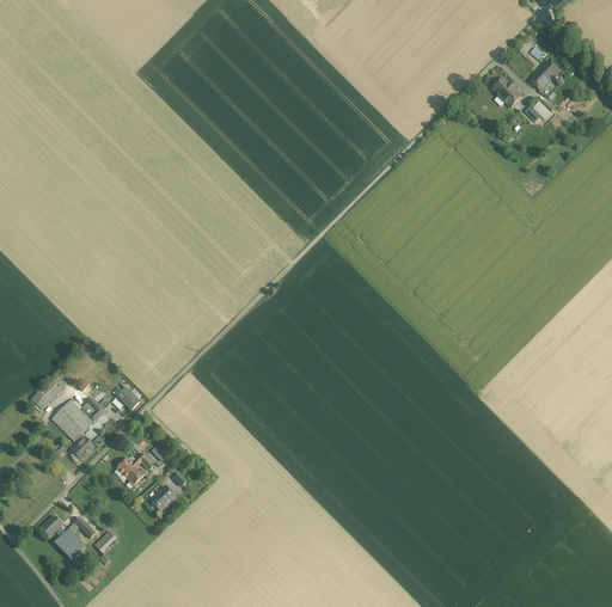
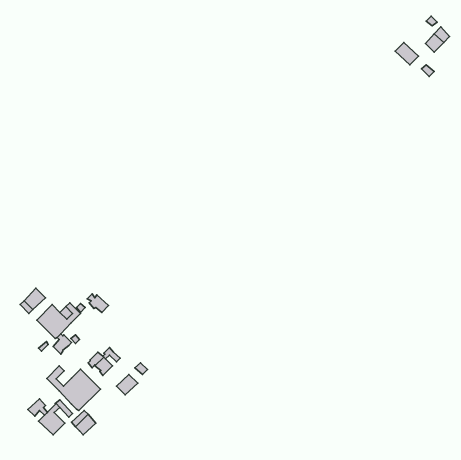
building: none -> [47,366,100,411]

